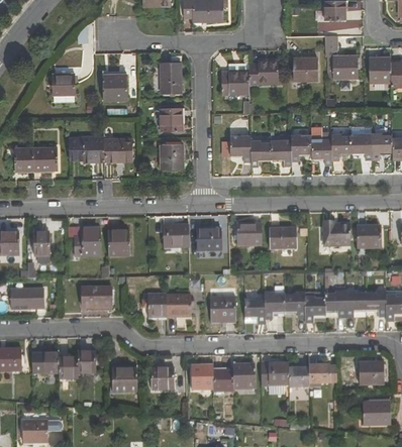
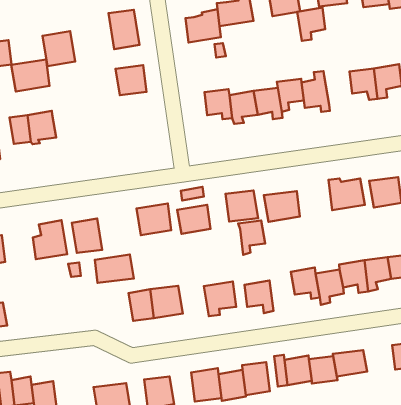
building: [330,134,351,159] -> [297,8,325,41]
building: [103,138,132,161] -> [11,59,49,91]
building: [160,143,184,169] -> none
building: [82,285,112,305] -> [95,254,134,283]
building: [264,293,284,319] -> [238,221,265,255]
building: [77,352,95,373] -> none

